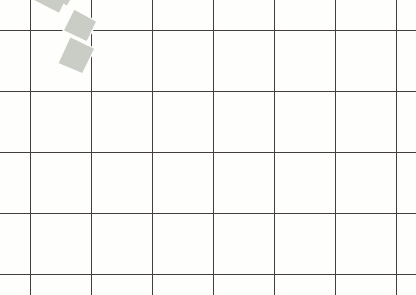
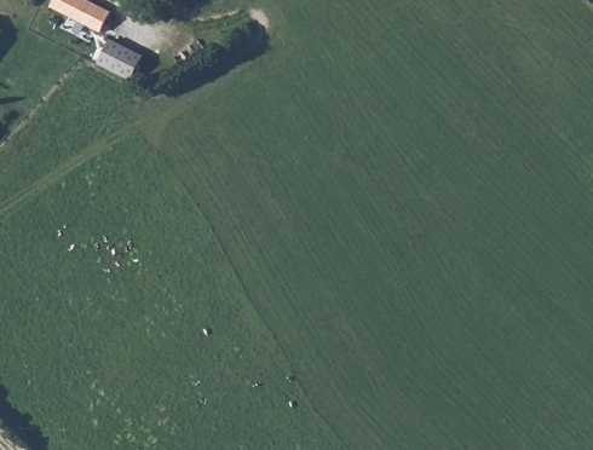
building: [58,37,95,74] -> none

